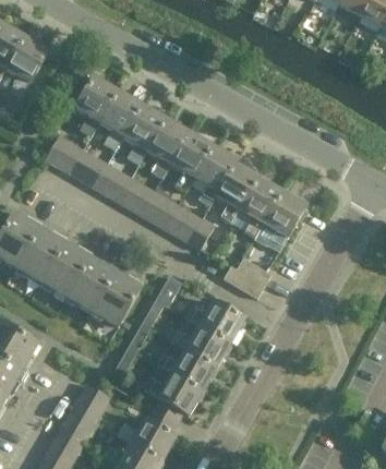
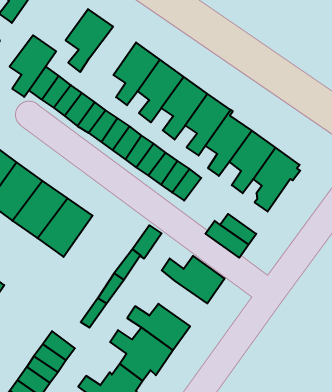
building: [98,91,141,149] -> [10,35,56,97]
building: [91,270,141,327] -> none
building: [170,325,230,366] -> none

